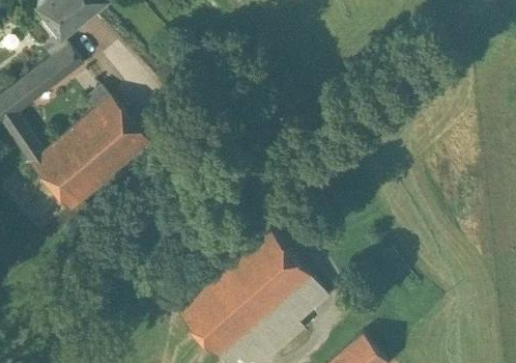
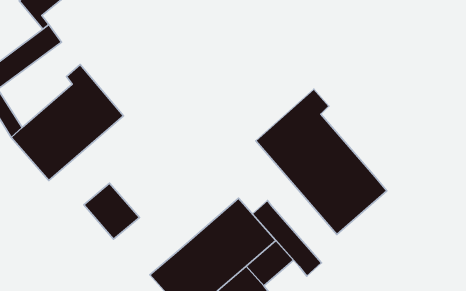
building: none -> [256,89,387,234]
building: none -> [84,183,140,239]
building: none -> [253,201,322,276]

